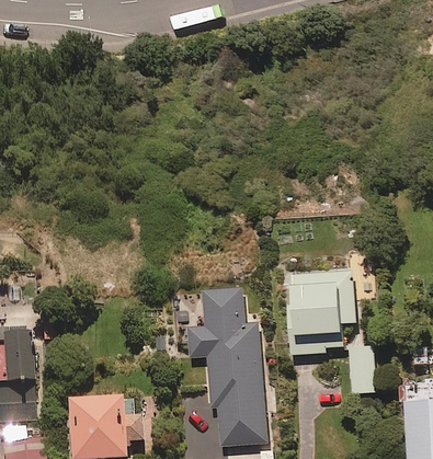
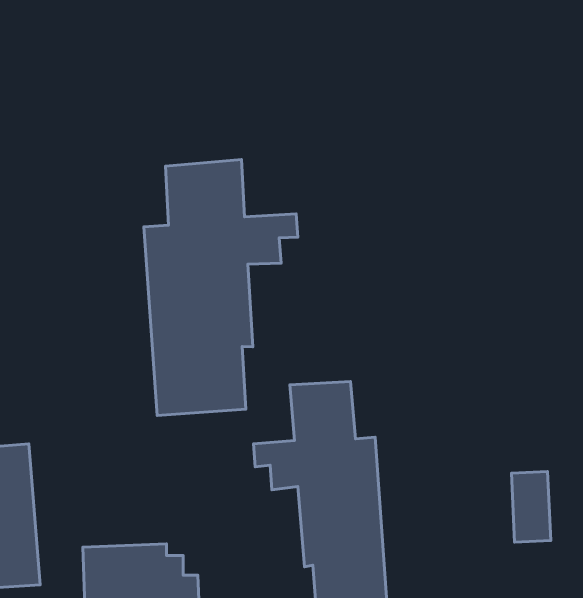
building: none -> [144,160,298,415]
building: [287,271,355,355] -> none

